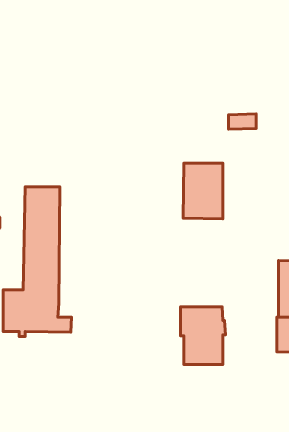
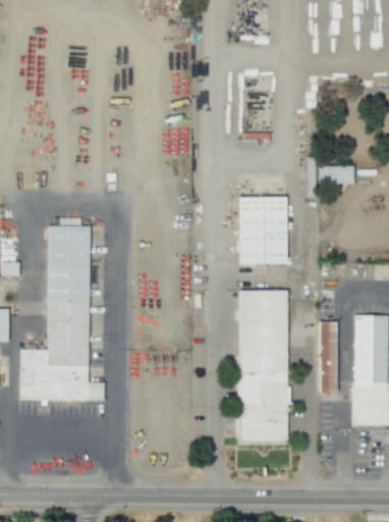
building: [228,114,256,129] -> [320,165,353,184]
building: none -> [239,290,286,370]
building: none -> [320,320,336,392]

